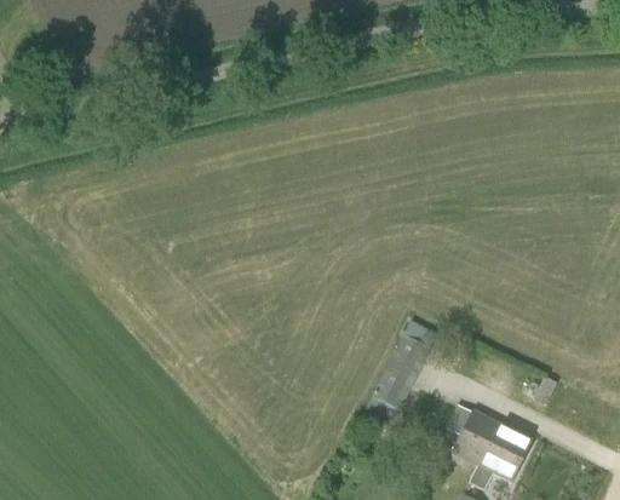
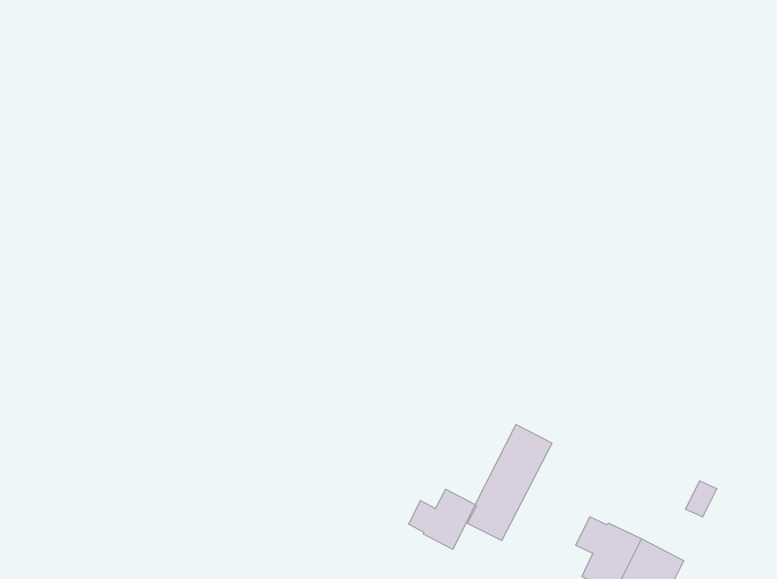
building: none -> [409,489,475,549]

